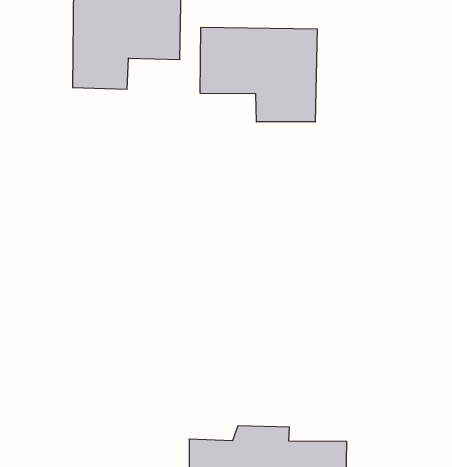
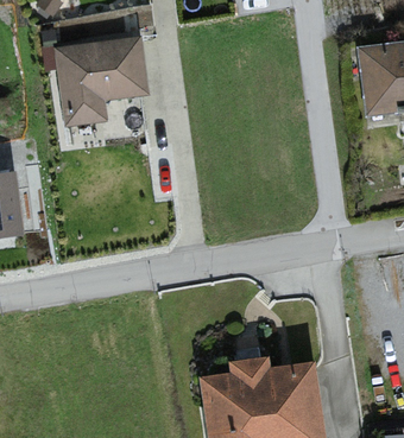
building: [200,27,317,122] -> none

